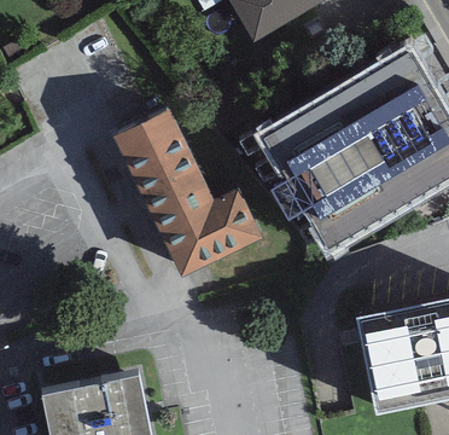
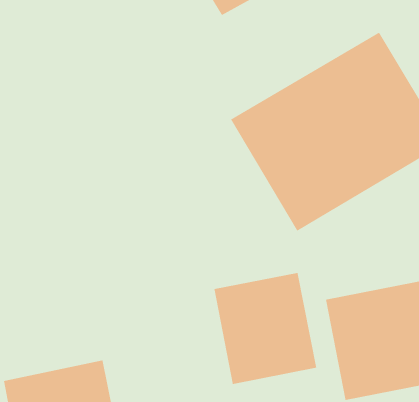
building: [113,110,260,276] -> none
building: none -> [214,272,317,385]

